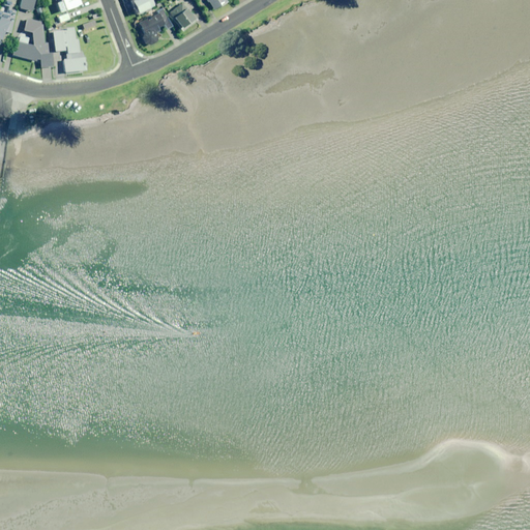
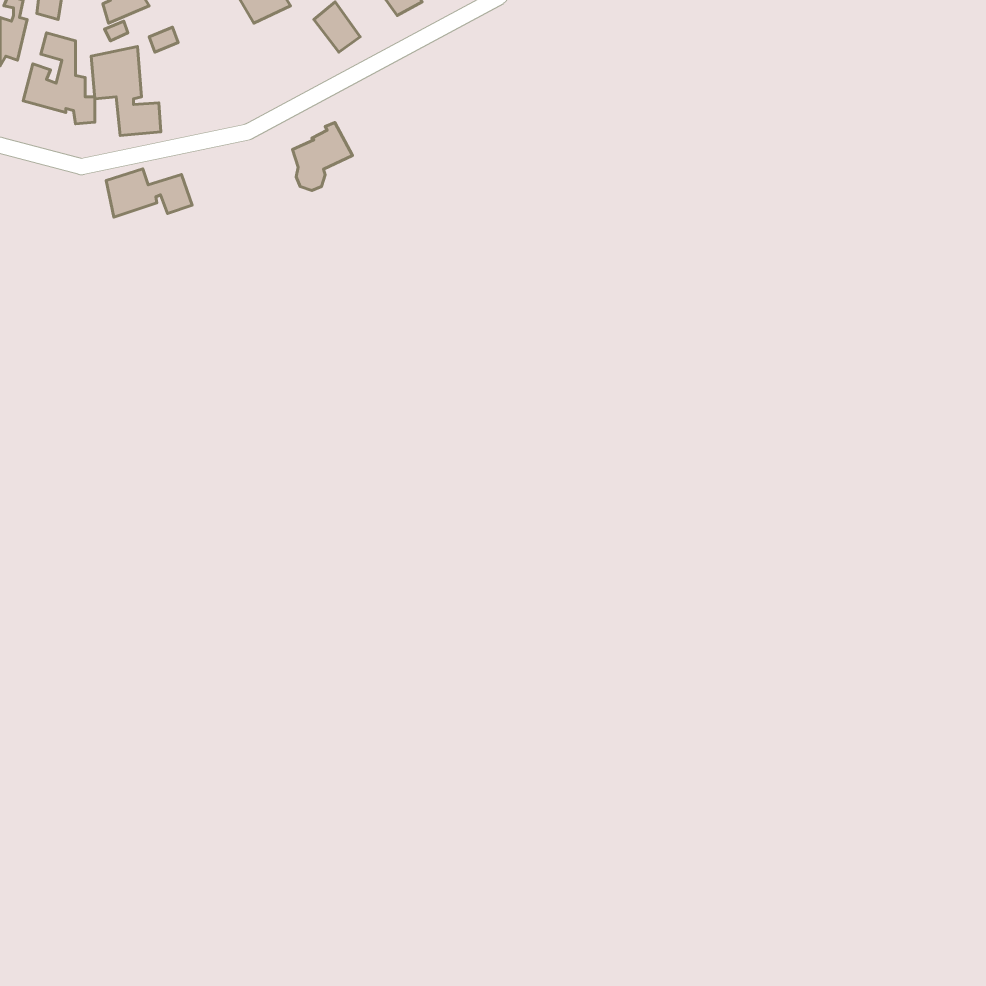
building: [140,7,172,43] -> [292,123,352,190]
building: none -> [106,169,192,217]

